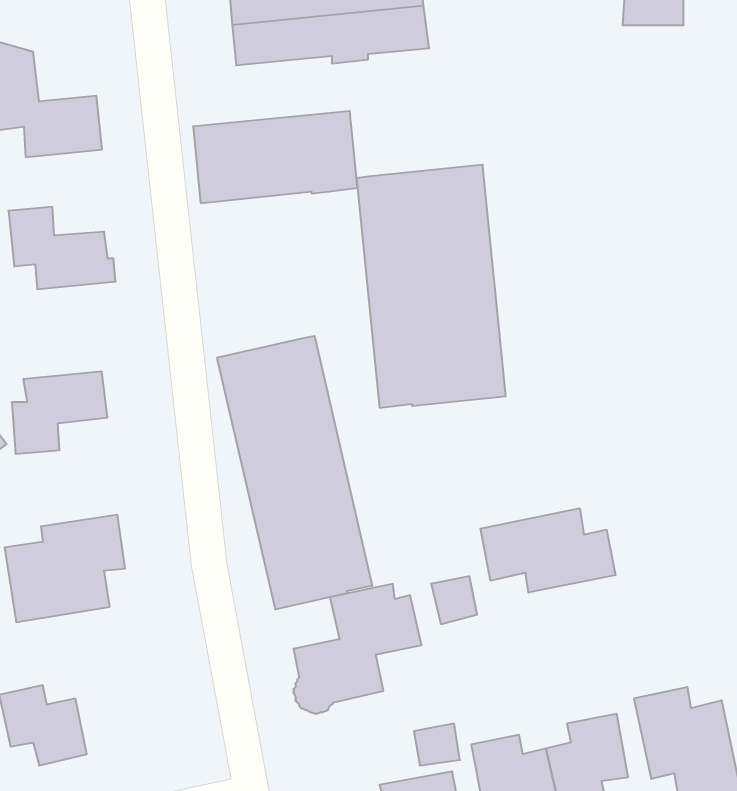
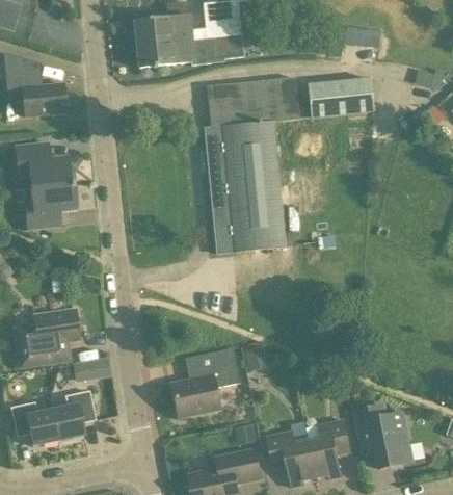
building: none -> [307,76,372,118]
building: [193,111,358,203] -> [208,76,297,126]
building: [217,336,372,610] -> none
building: [12,372,107,454] -> [24,183,76,228]
building: [480,508,616,593] -> none
building: none -> [74,356,113,381]
building: none -> [51,391,95,440]

